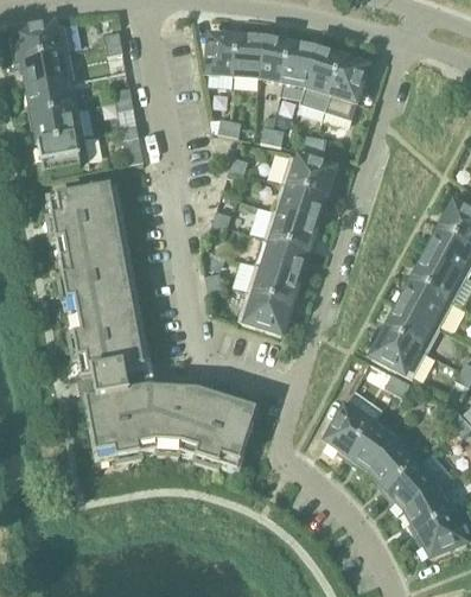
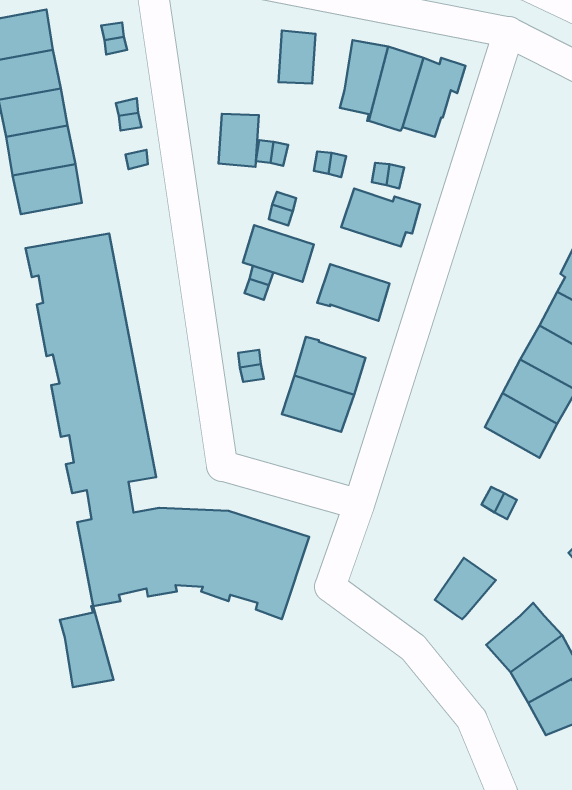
building: [206,34,236,74] -> [218,114,259,167]
building: [259,38,288,80] -> none
building: [272,180,324,222] -> [243,225,314,282]
building: [263,237,307,277] -> none
building: [371,328,426,376] -> none
building: [326,396,376,455] -> none
building: [369,433,421,488] -> none
building: none -> [60,606,113,687]

